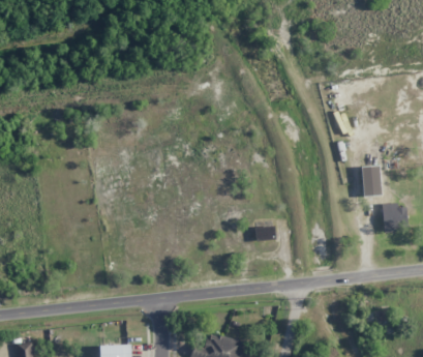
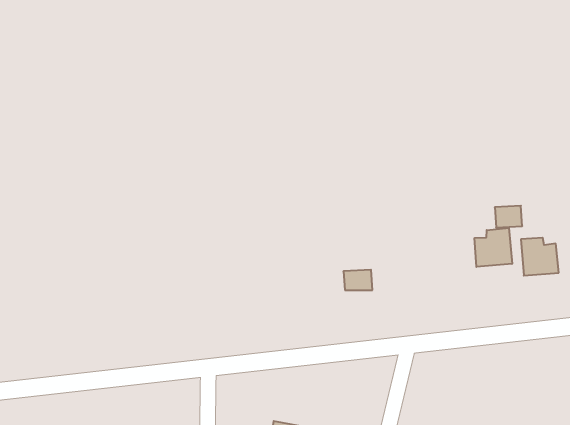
building: none -> [475,228,512,267]

